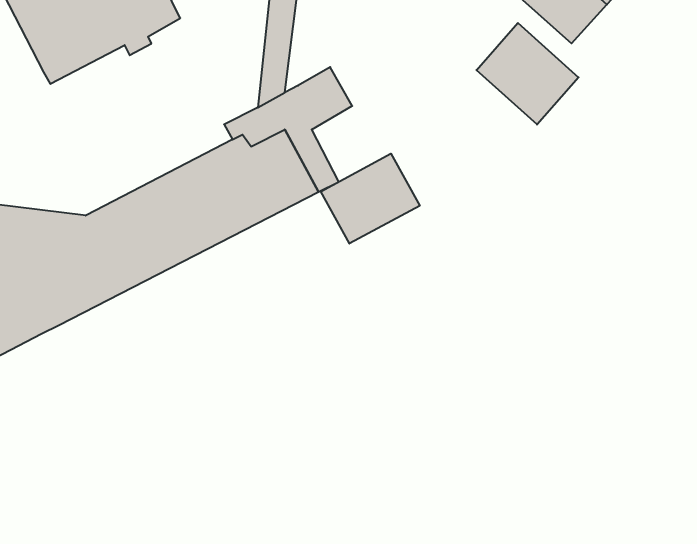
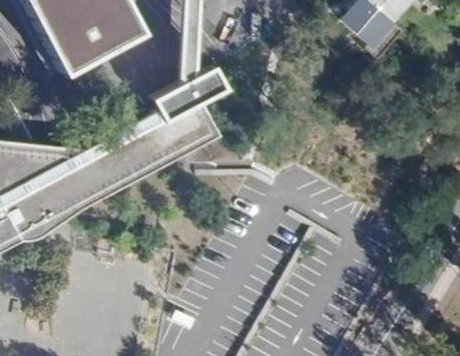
building: [476,23,579,125] -> none
building: [321,154,420,244] -> none

